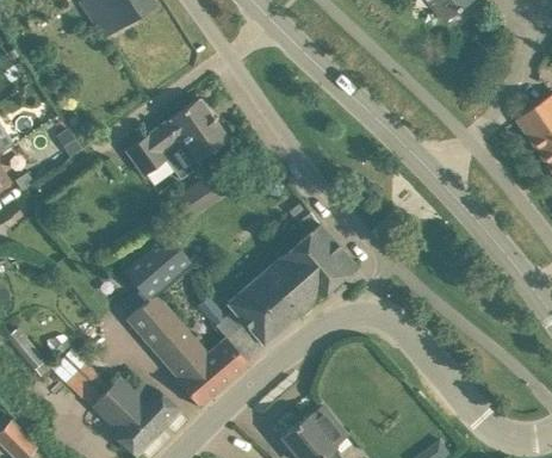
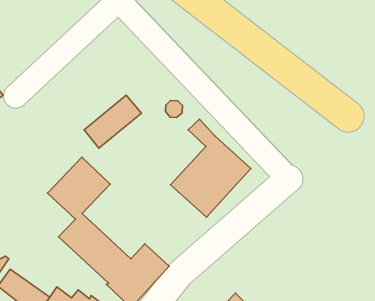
building: [125,98,228,180] -> none
building: [197,273,298,360] -> none

